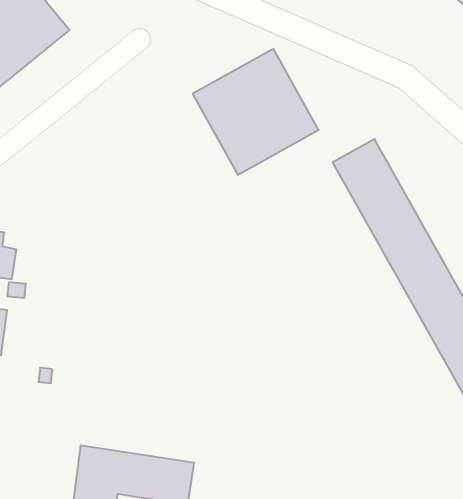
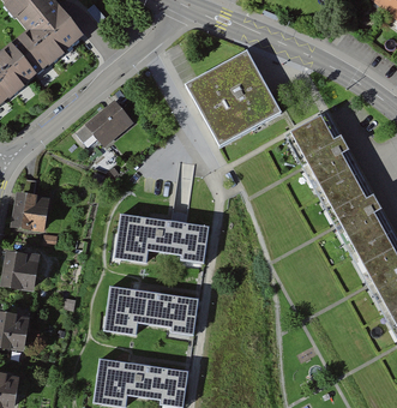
building: none -> [80,101,131,149]
building: none -> [113,214,207,263]
building: none -> [101,286,196,334]

